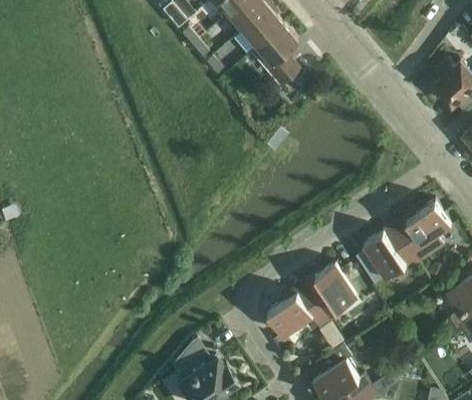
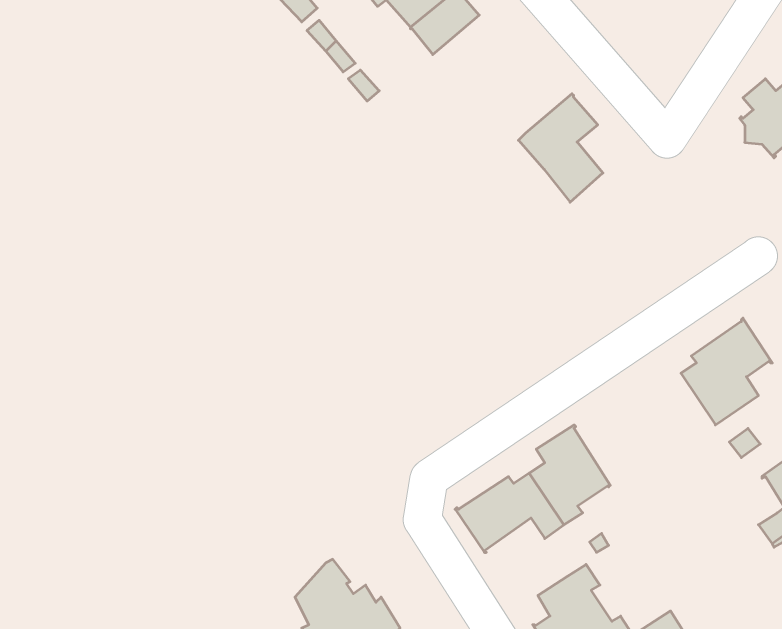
building: [250,23,299,86] -> [518,94,603,202]
building: [355,230,419,285] -> none

